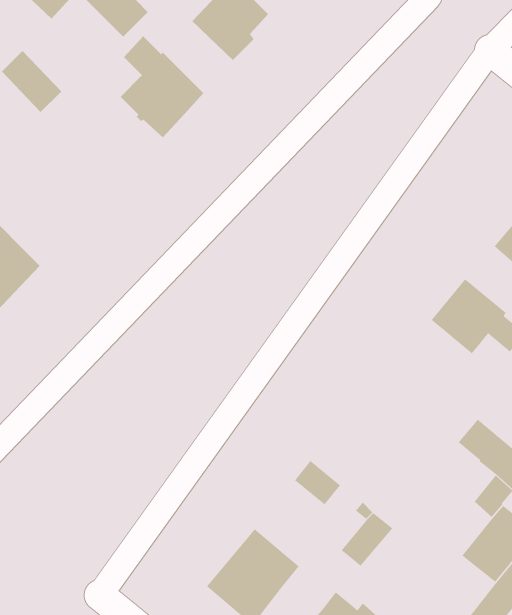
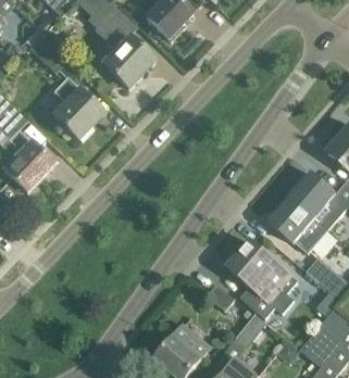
building: none -> [50,77,101,139]
building: none -> [266,197,326,252]
building: none -> [227,241,296,317]

